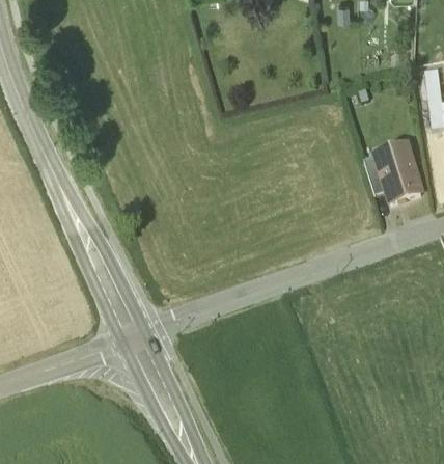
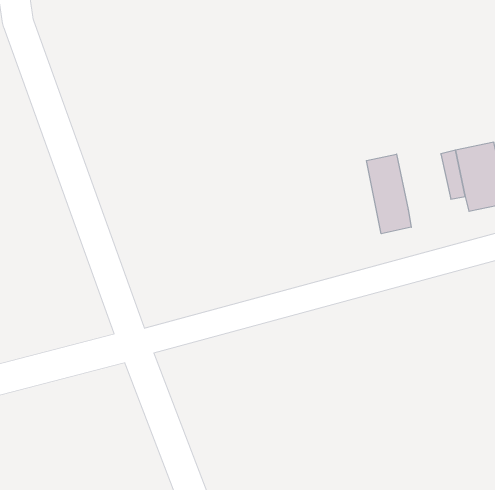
building: none -> [366,154,411,234]

